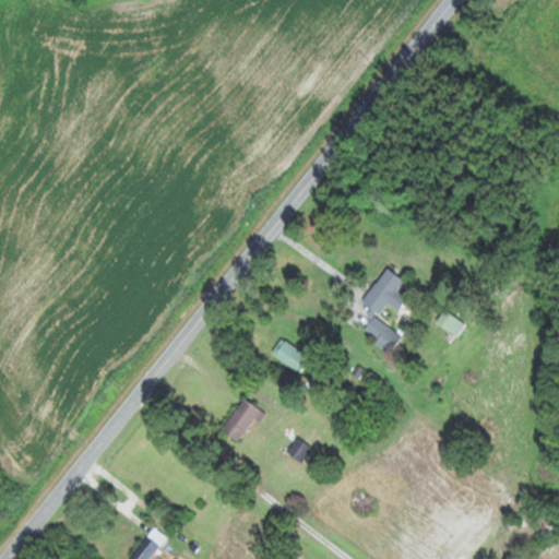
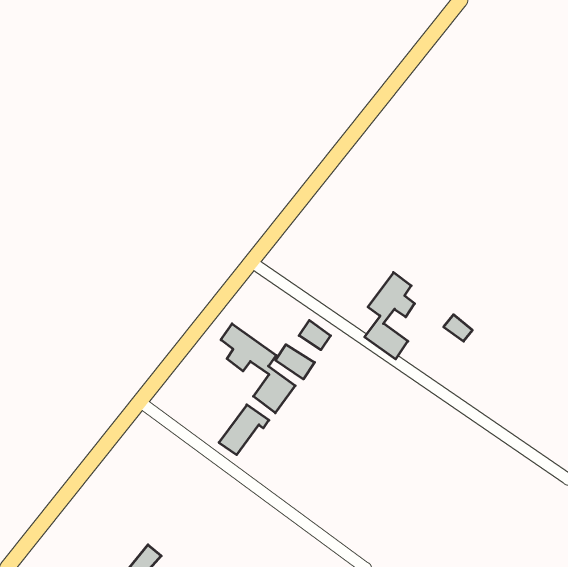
building: none -> [299,320,331,350]
building: none -> [221,324,295,413]

